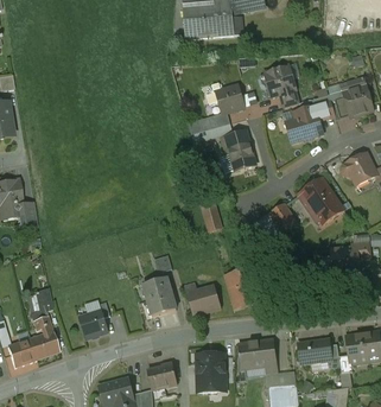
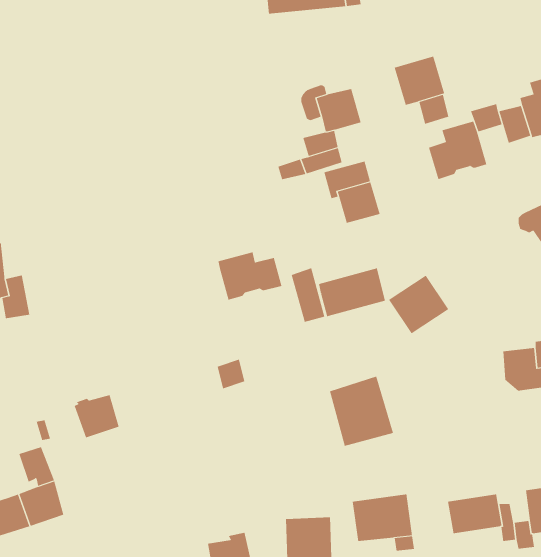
building: [298,177,344,223] -> none
building: none -> [218,251,282,301]
building: none -> [318,267,385,317]
building: [144,276,177,316] -> none
building: [185,282,222,316] -> none
building: [80,311,108,338] -> [74,394,120,438]

